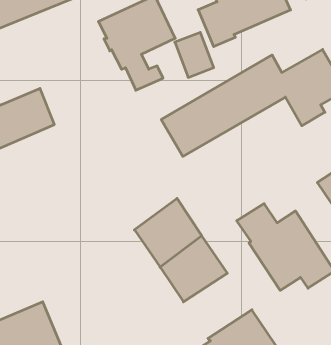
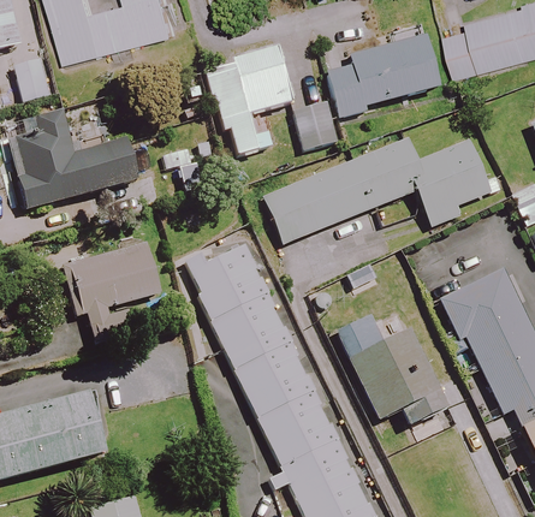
building: none -> [183,243,269,322]
building: none -> [63,244,161,341]
building: none -> [258,391,339,465]

